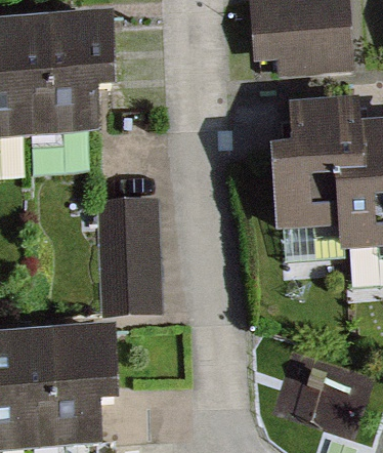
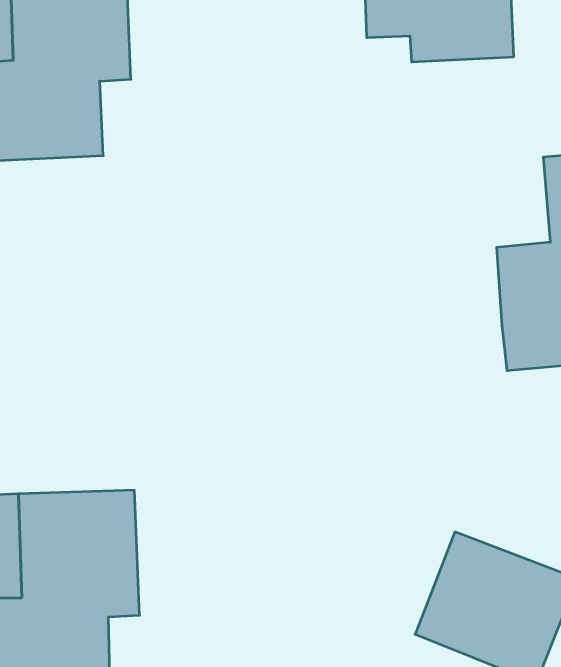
building: [267,109,363,235] -> none
building: [99,202,156,316] -> none

